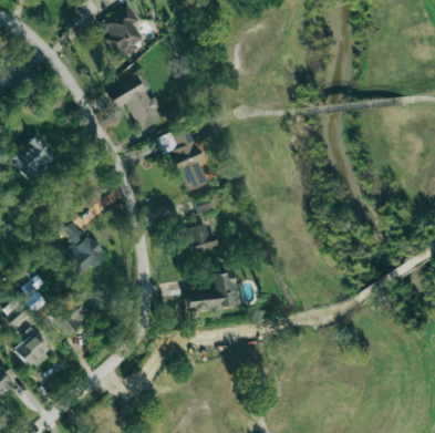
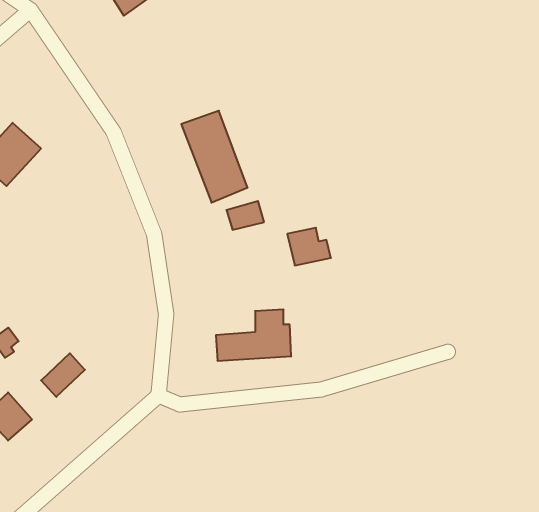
building: [106,75,163,131] -> none
building: [62,219,105,278] -> none
building: [186,225,218,252] -> [287,228,331,265]

